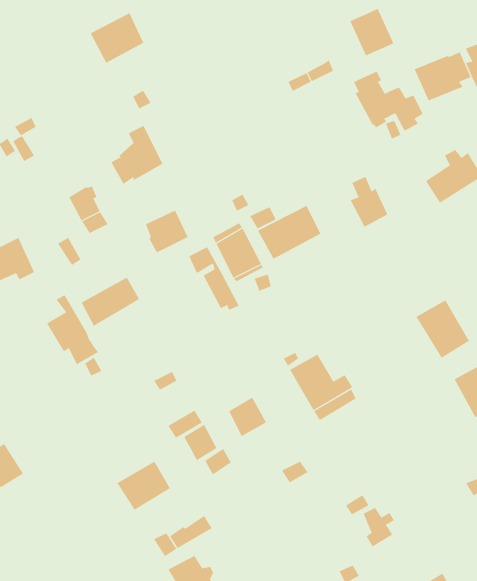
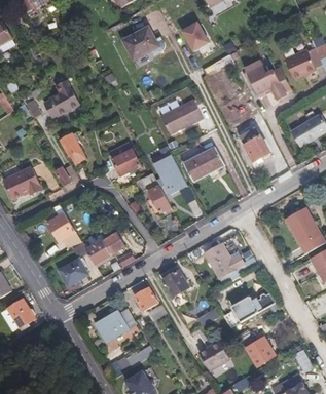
building: [349,8,394,56] -> [181,21,210,51]
building: [90,12,144,64] -> [122,28,157,61]
building: [110,125,163,184] -> [43,81,77,119]
building: none -> [160,100,203,134]
building: [81,277,140,326] -> [86,232,124,264]
building: none -> [59,258,88,285]
building: none -> [223,292,275,327]
building: none -> [198,340,229,370]

